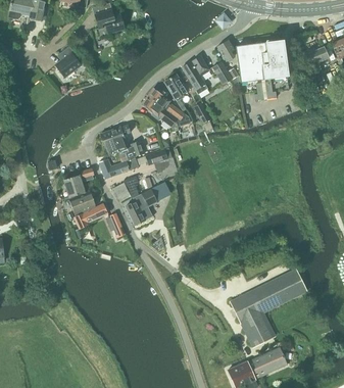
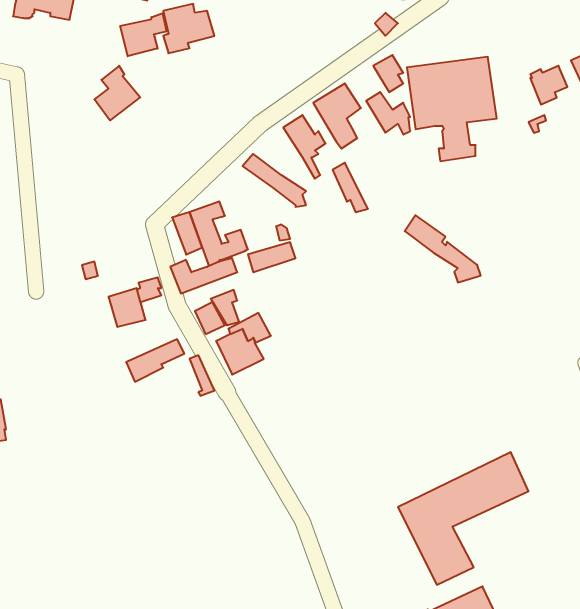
building: none -> [120,13,167,56]
building: [147,88,191,127] -> [405,215,481,282]
building: [68,191,97,214] -> none

